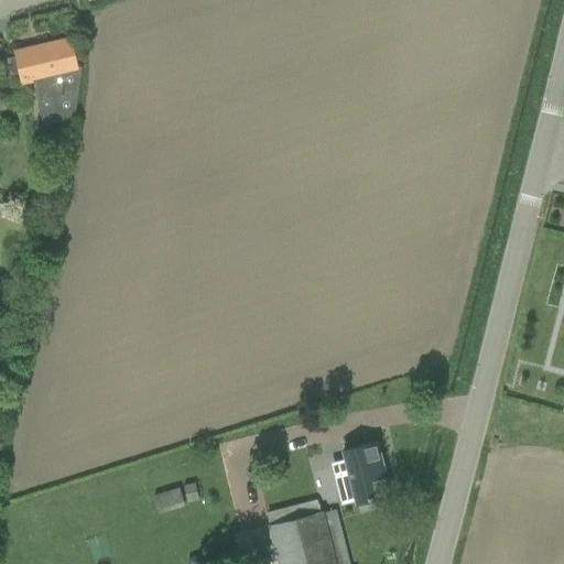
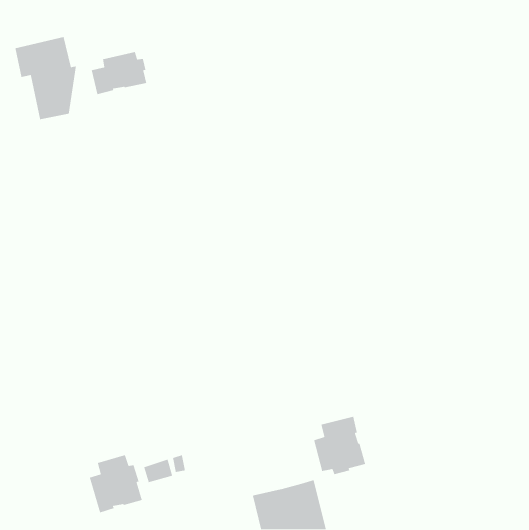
building: none -> [91,51,147,95]
building: none -> [89,454,143,513]

